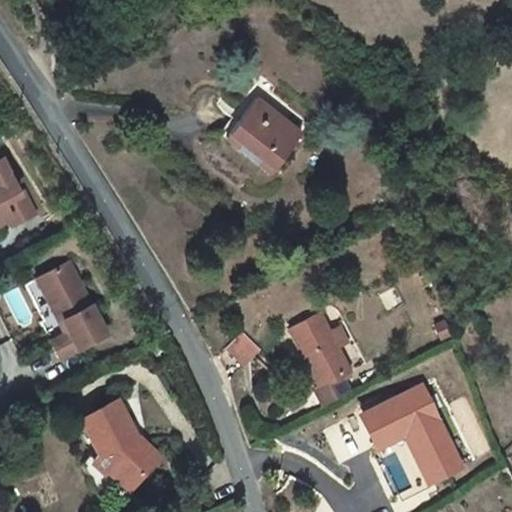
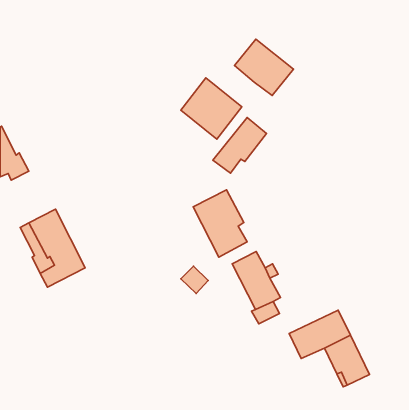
building: none -> [235,39,293,96]
building: none -> [213,117,267,173]
building: none -> [193,190,247,257]
building: [83,400,161,489] -> none

